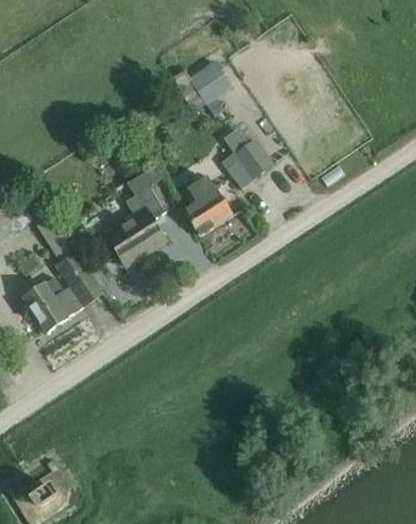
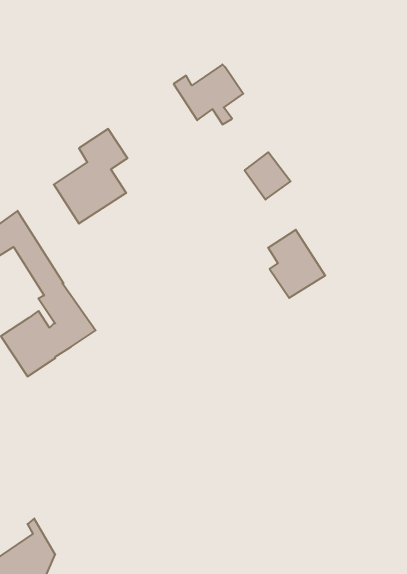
building: [183,175,233,234] -> [268,230,325,298]
building: [103,184,167,267] -> [54,129,128,224]

